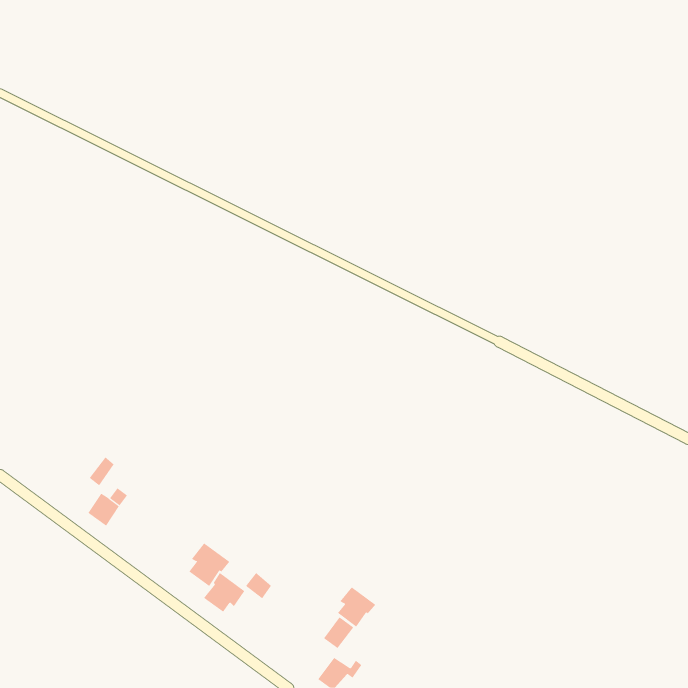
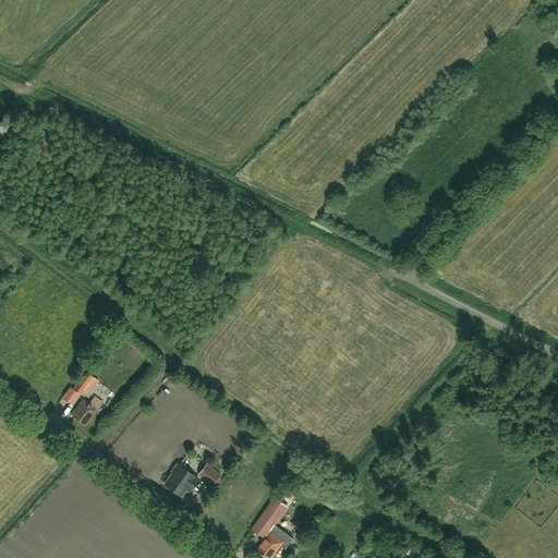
building: [189,543,230,587] -> none
building: [337,586,376,627] -> none

